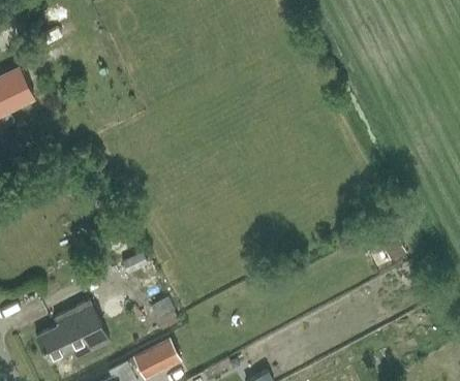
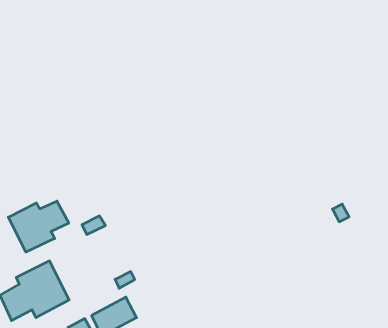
building: none -> [8,201,69,252]

